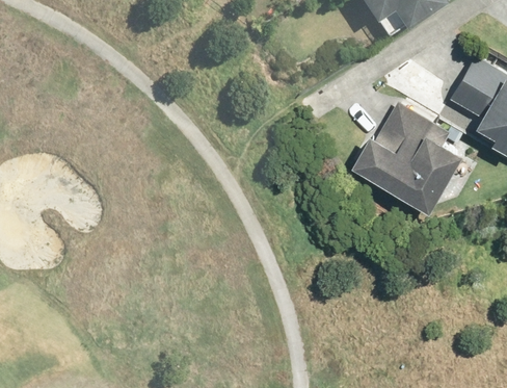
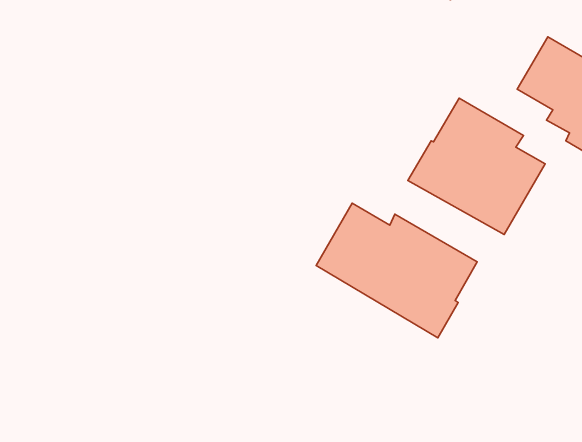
building: none -> [316,203,477,338]

